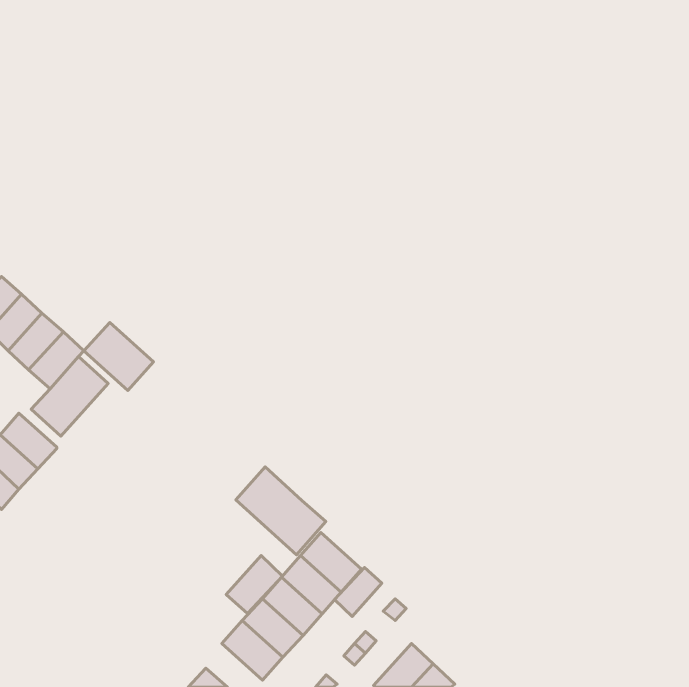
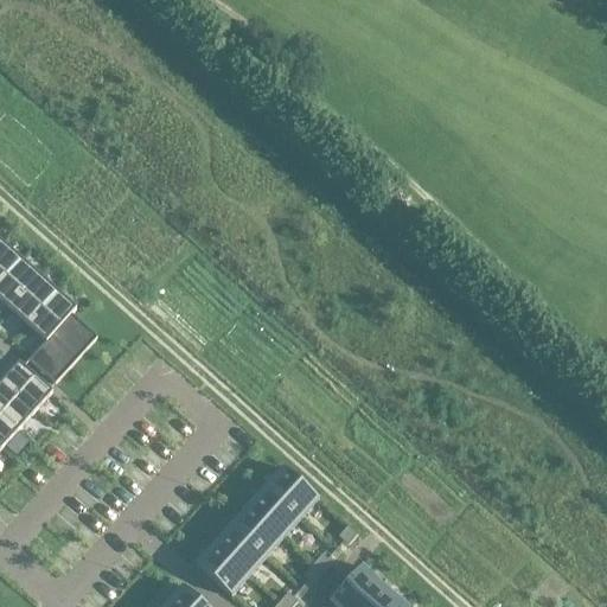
building: [84,323,154,390] -> none
building: [236,467,326,555] -> none
building: [226,556,283,614] -> none
building: [335,568,382,616] -> none

